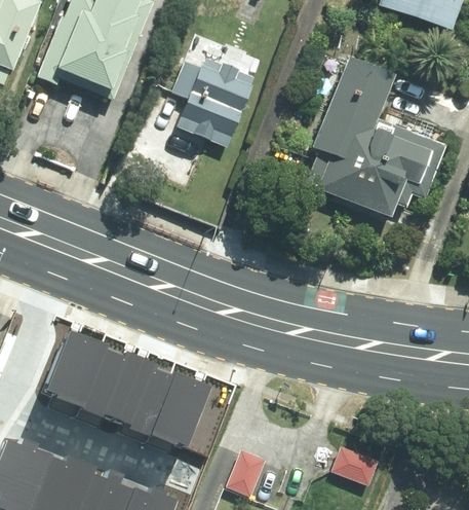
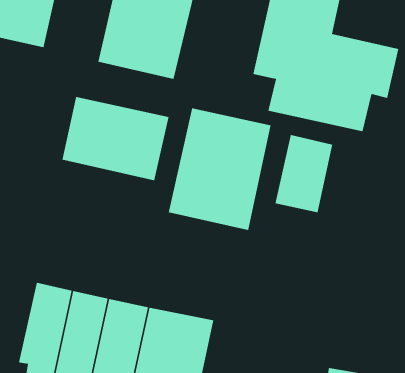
building: none -> [62,96,169,181]
building: none -> [168,108,271,231]
building: none -> [275,134,333,213]

